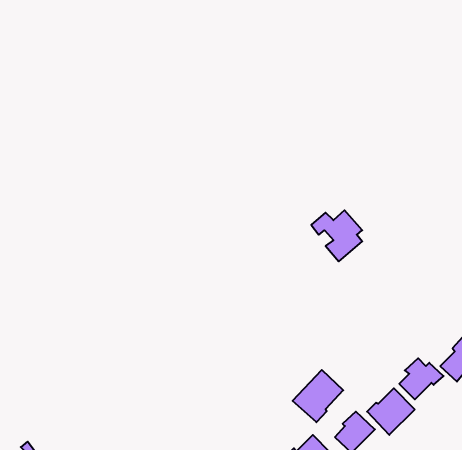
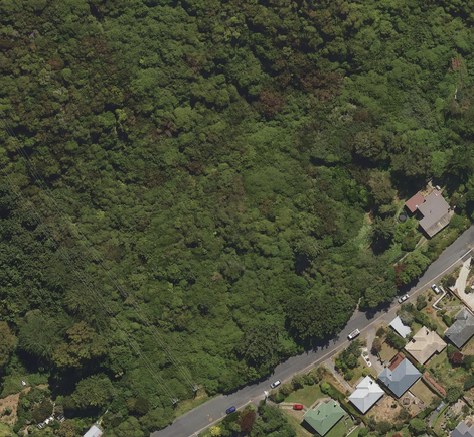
building: [311,210,362,261] -> [405,190,451,237]
building: [293,370,343,422] -> none

